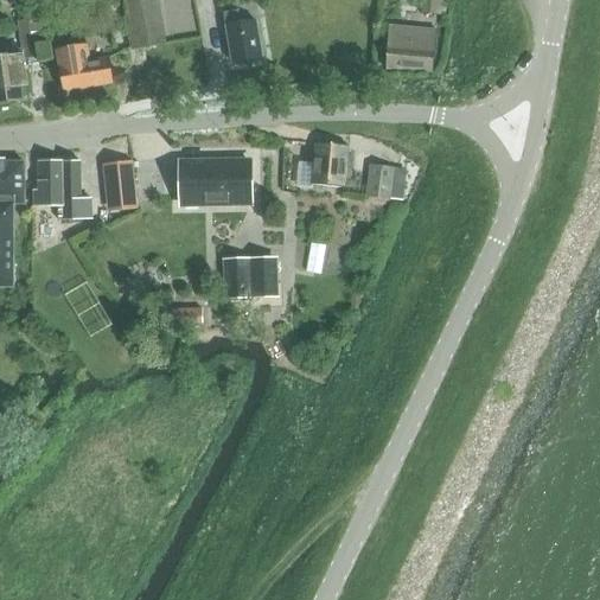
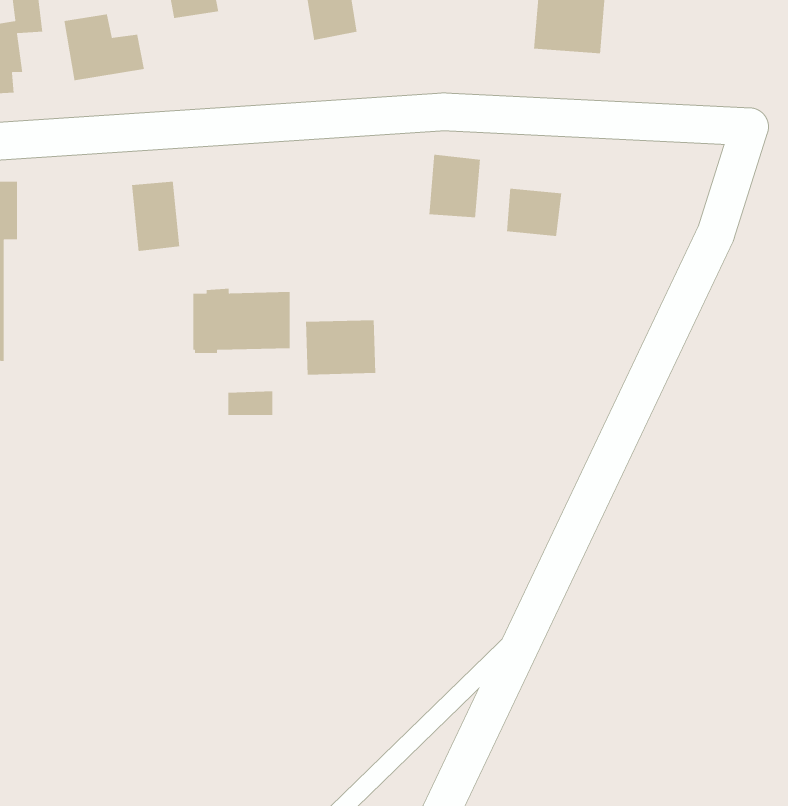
building: [180,157,249,203] -> [192,288,290,354]
building: [32,158,90,218] -> none

